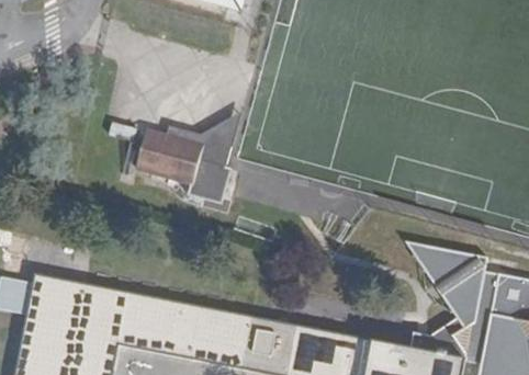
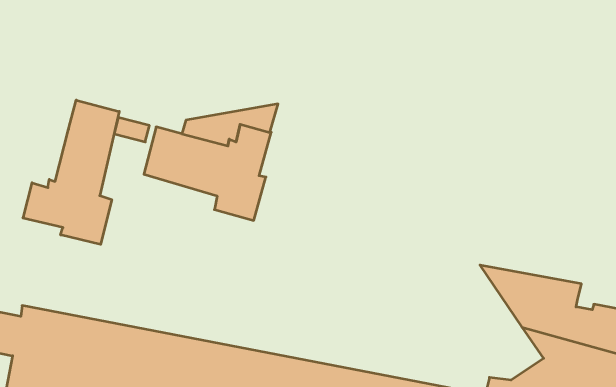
building: none -> [23,100,119,244]

